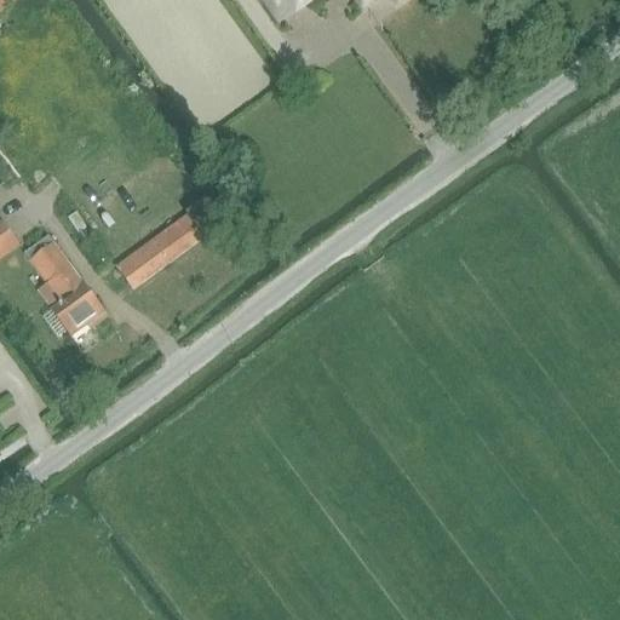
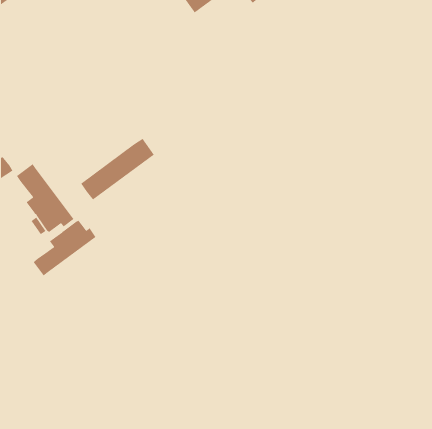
building: none -> [33,220,97,276]

